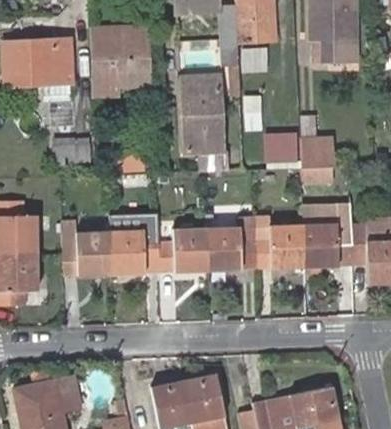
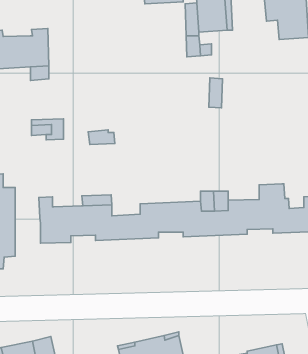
building: [93,27,152,97] -> none
building: [184,80,224,157] -> none
building: [267,141,297,168] -> none
building: [302,141,335,167] -> none

